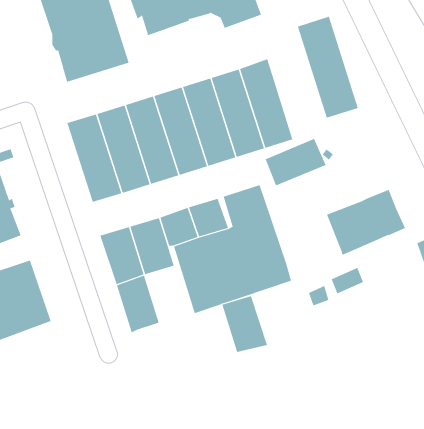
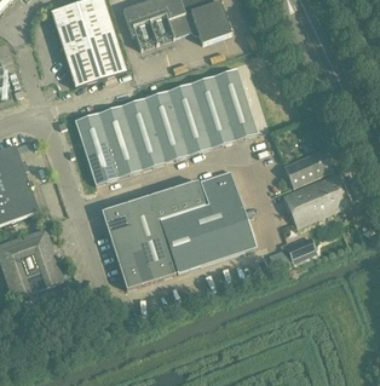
building: [297,16,358,119] -> none
building: [265,138,326,186] -> [283,146,333,185]
building: [221,295,268,353] -> [137,234,174,280]

